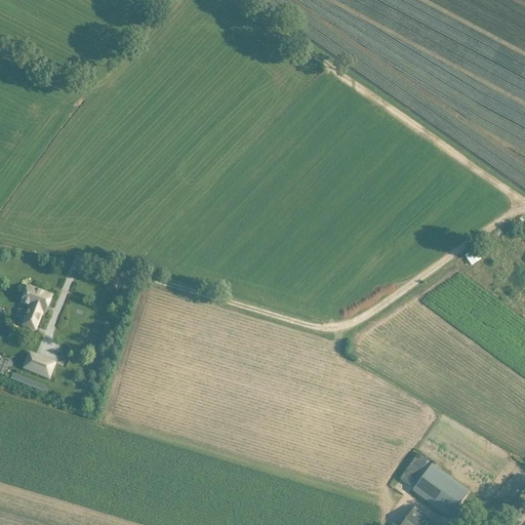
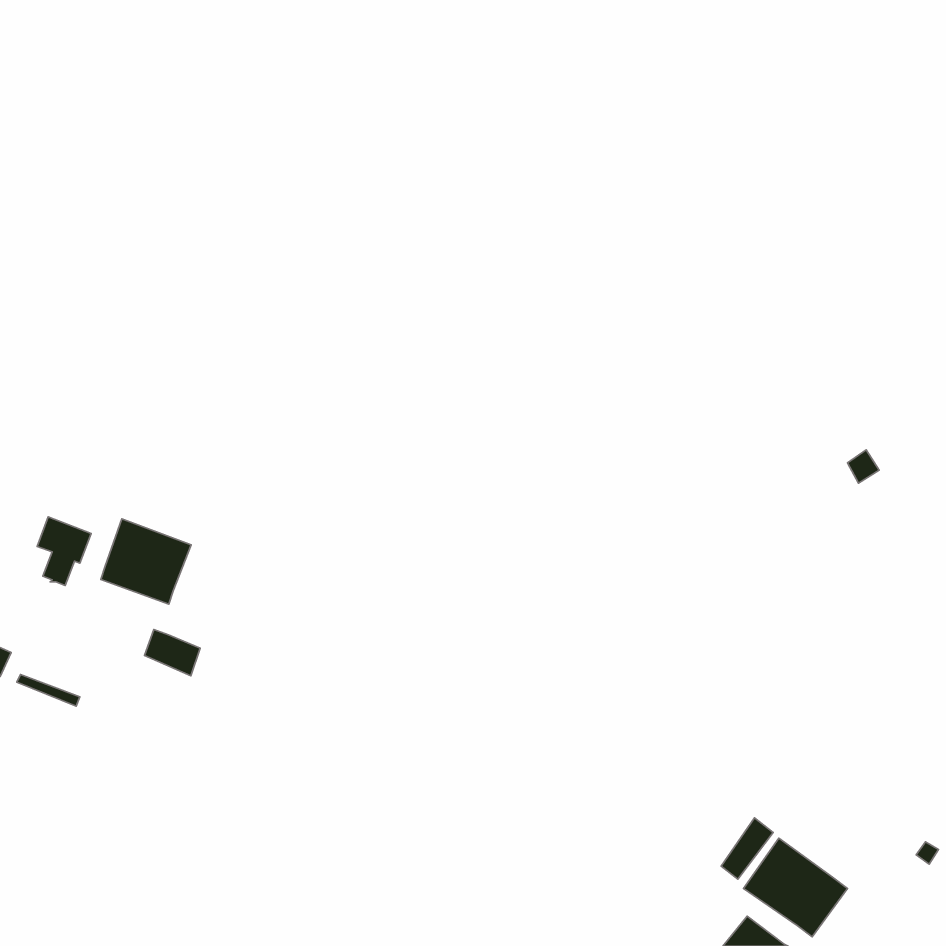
building: none -> [101,519,191,604]
building: [23,352,53,377] -> [144,629,200,676]

